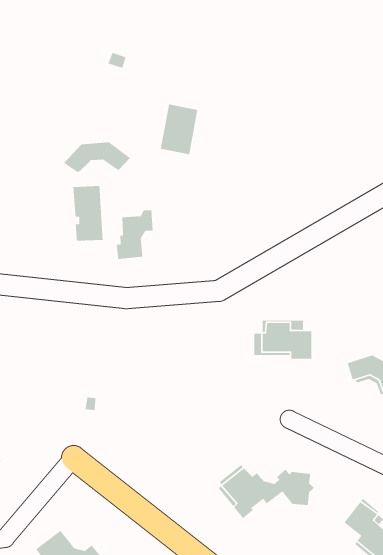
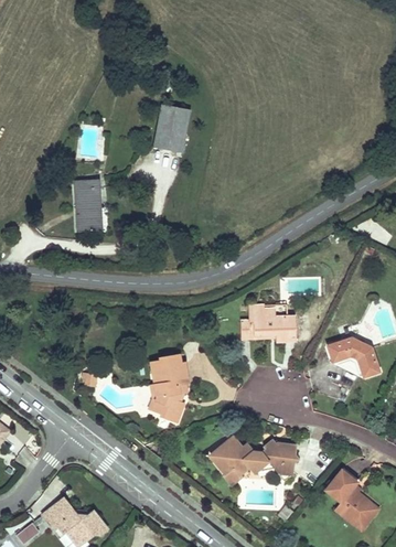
building: [63,142,131,173] -> none
building: [116,210,154,260] -> none
building: none -> [148,355,190,425]

